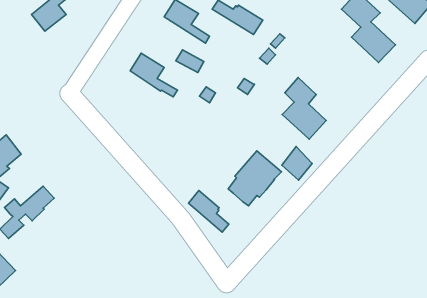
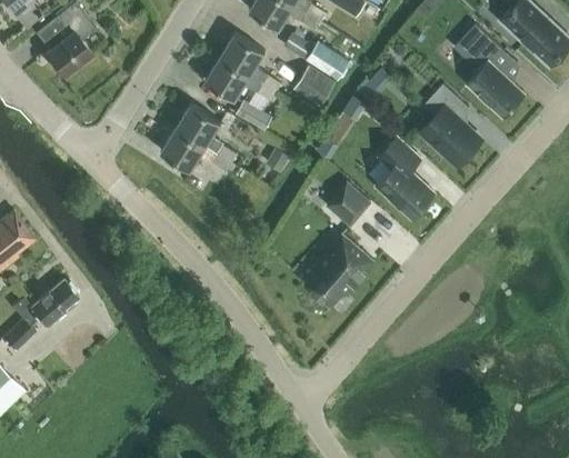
building: none -> [204,57,274,100]
building: none -> [293,64,336,106]
building: none -> [421,84,481,165]
building: none -> [160,128,232,171]
building: [282,146,312,180] -> [329,182,369,227]
building: [189,191,229,232] -> none

